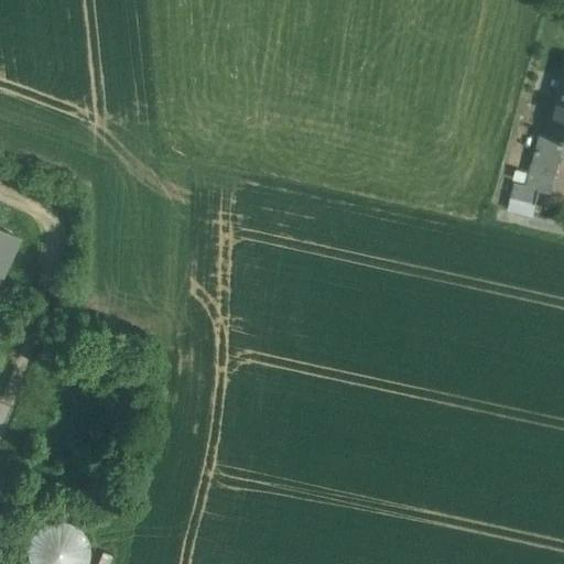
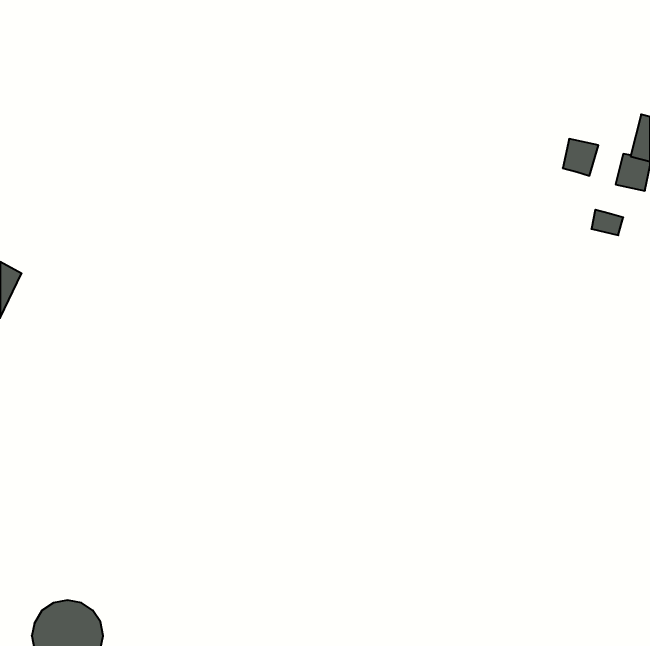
building: [528,163,558,195] -> [563,139,598,176]

